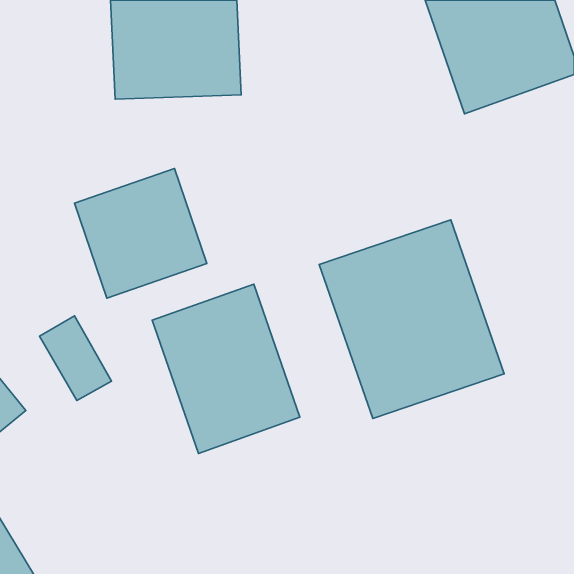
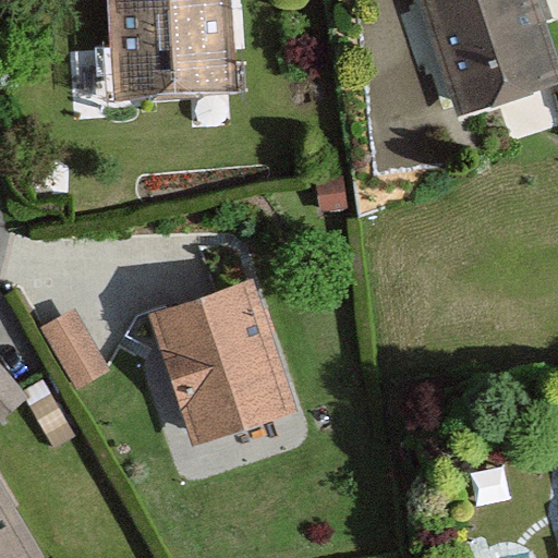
building: [74,168,207,298] -> none
building: [319,220,504,418] -> none

